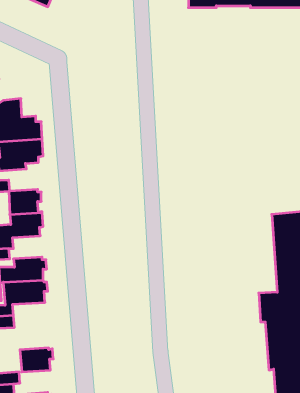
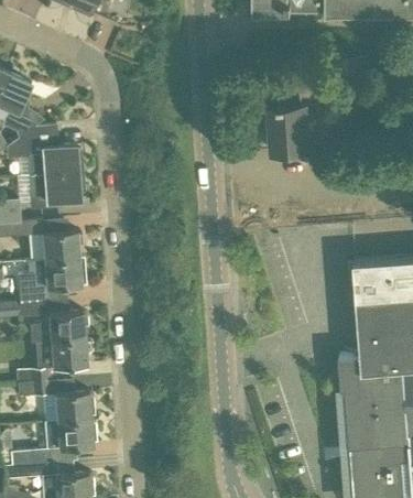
building: none -> [257,85,309,152]
building: none -> [53,392,93,422]

